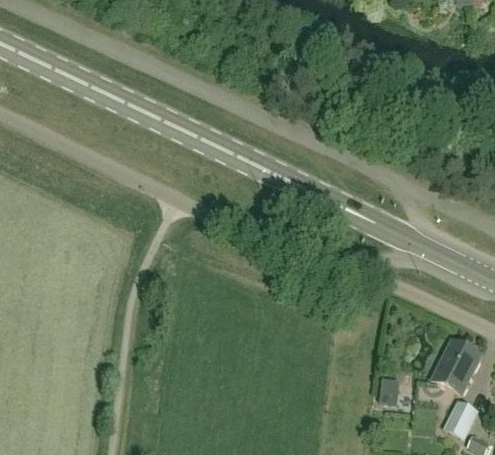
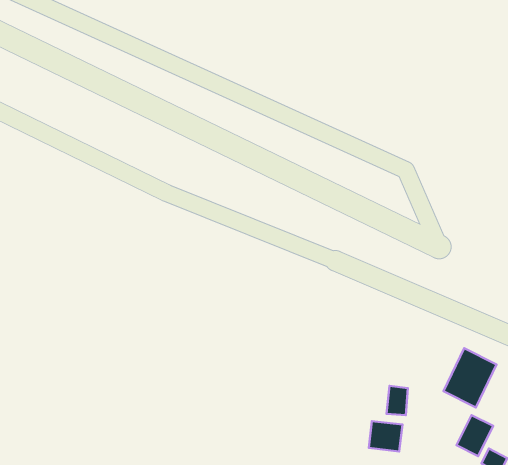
building: none -> [369,421,402,452]

